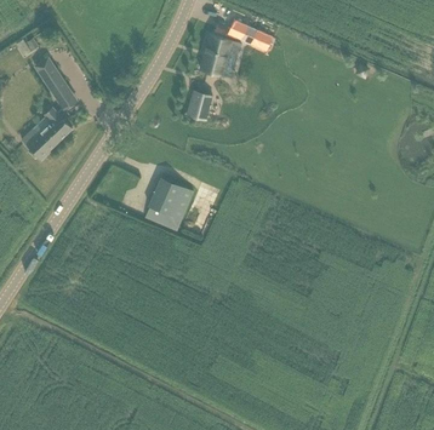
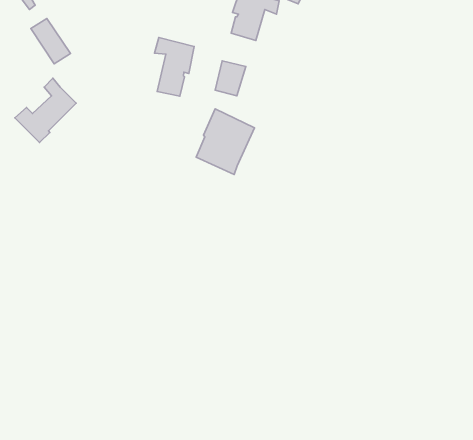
building: none -> [154,37,194,96]
building: [145,177,194,231] -> [196,109,255,175]

